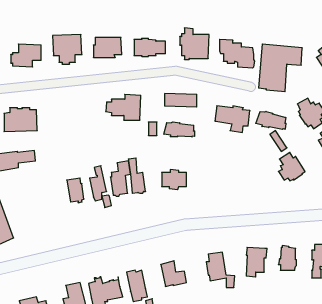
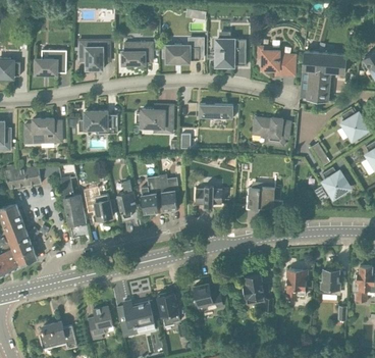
building: none -> [78,111,117,134]
building: [256,111,286,129] -> none
building: [164,122,195,137] -> none
building: none -> [61,175,87,224]
building: none -> [247,181,275,208]

